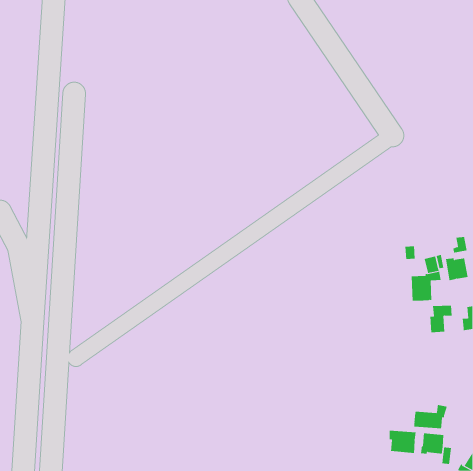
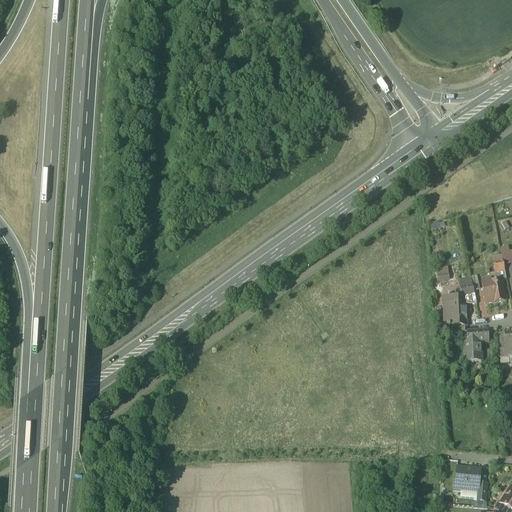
building: [414,404,448,429] -> none
building: [389,430,416,454] -> none

